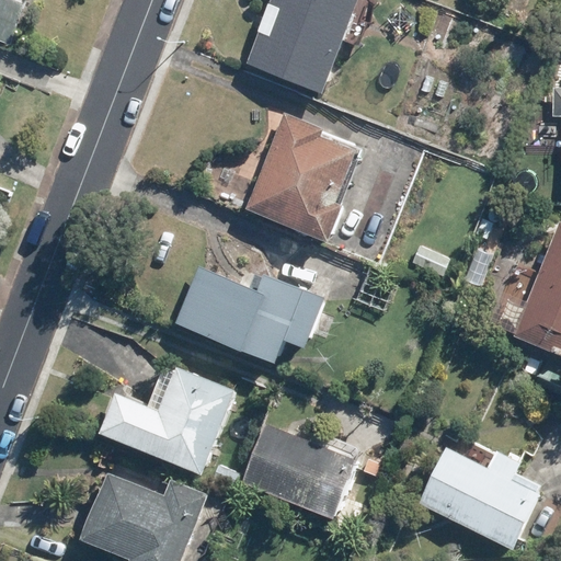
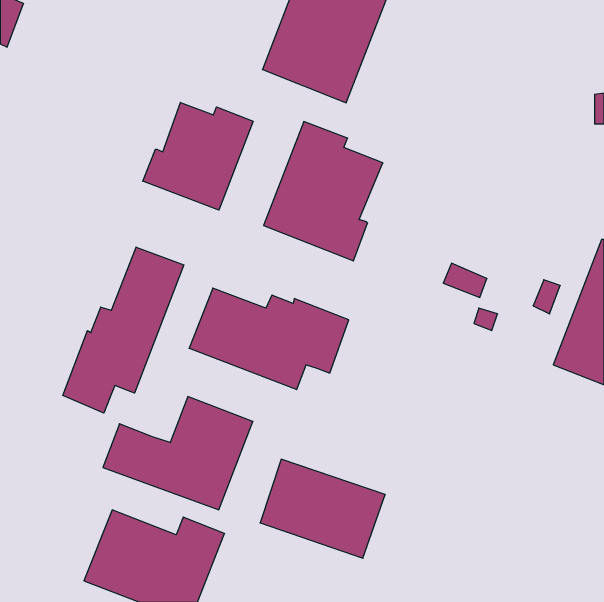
building: none -> [143,102,253,210]
building: none -> [63,247,184,413]
building: [415,446,539,549] -> none

